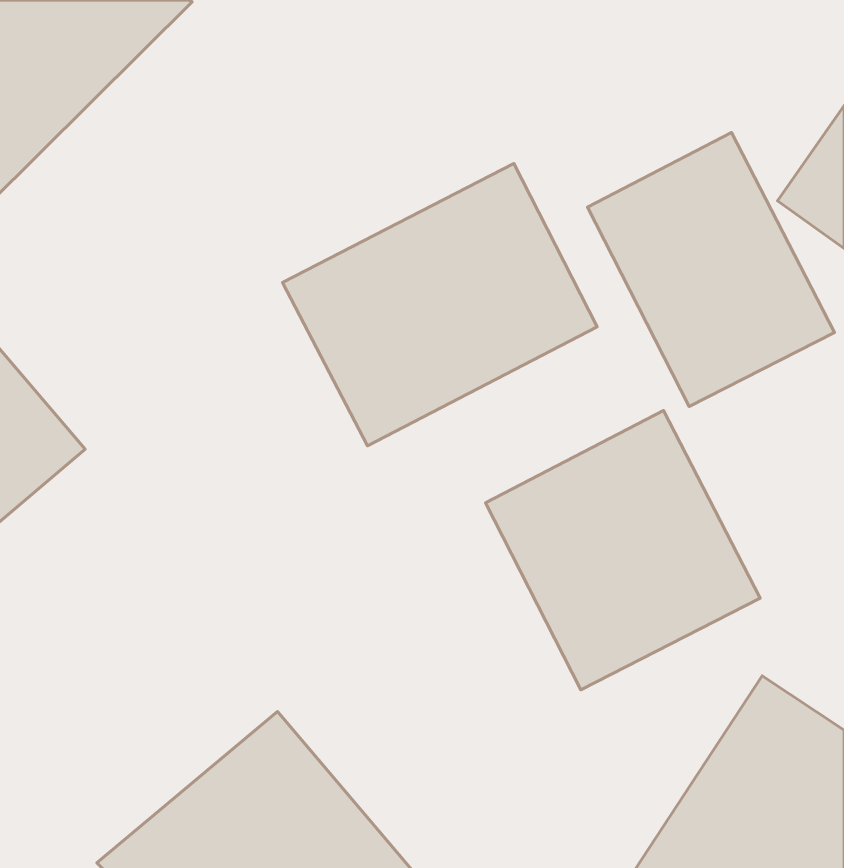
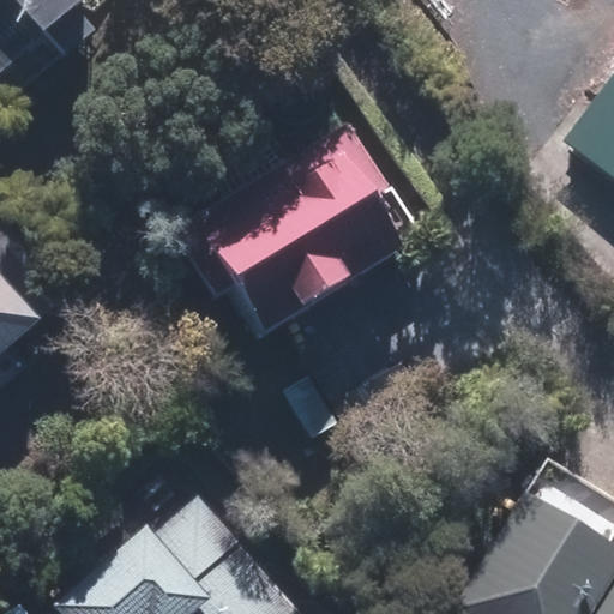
building: [588,132,834,406] -> none
building: [486,411,760,690] -> none

